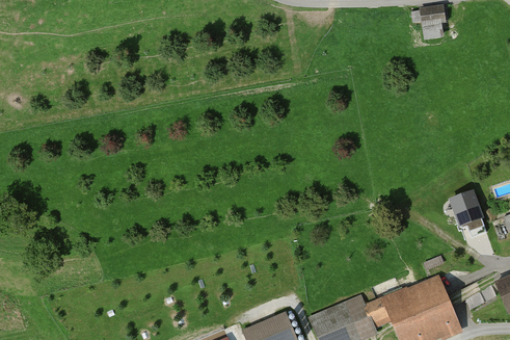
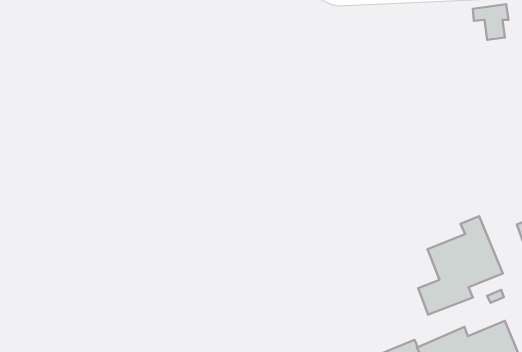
building: none -> [418,216,503,315]

